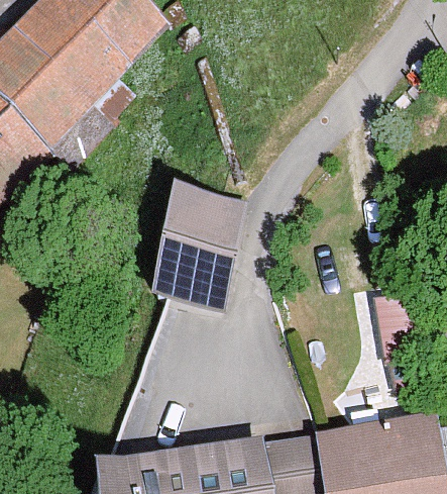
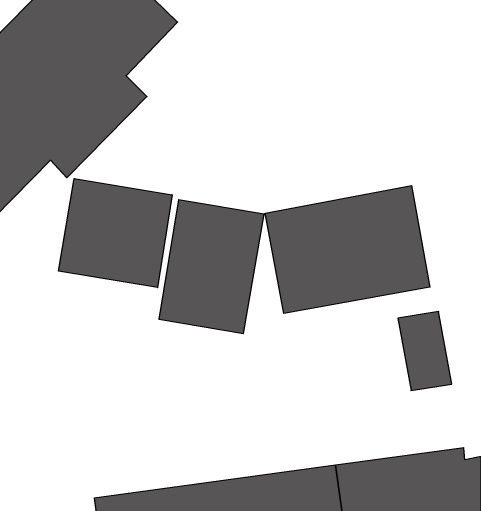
building: none -> [59,179,172,288]
building: none -> [265,186,430,313]

